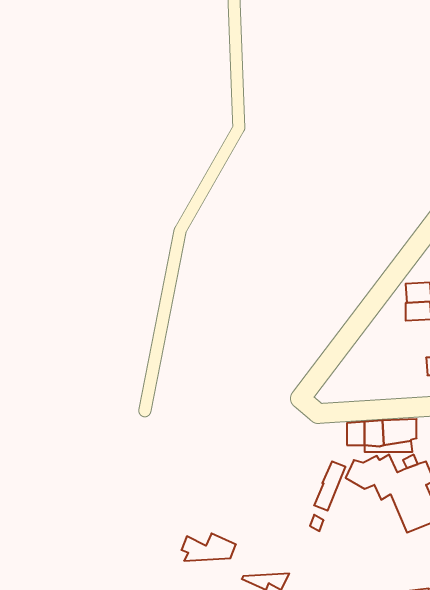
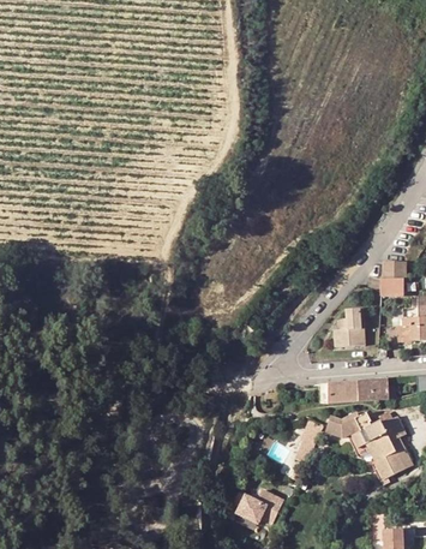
building: none -> [332,309,365,348]
building: [181,533,236,561] -> [235,494,283,518]

